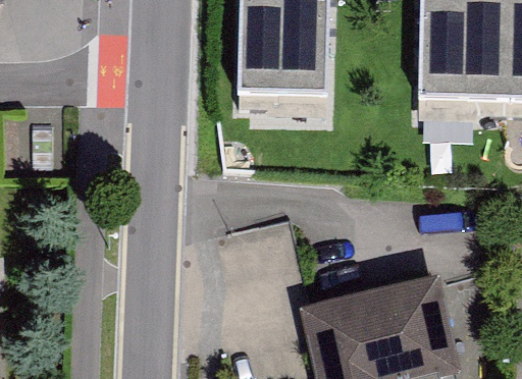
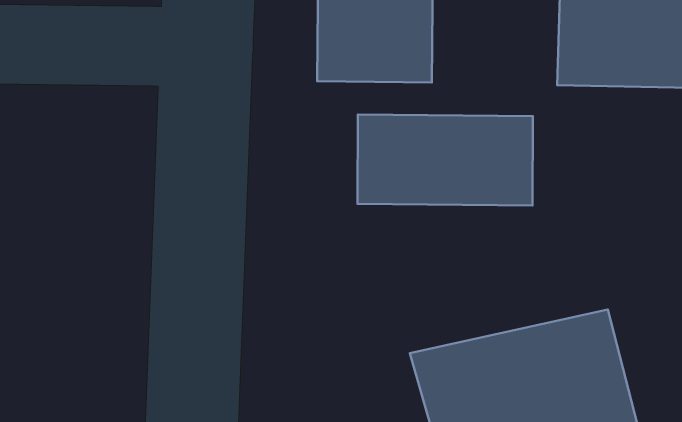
building: none -> [358,115,533,205]

